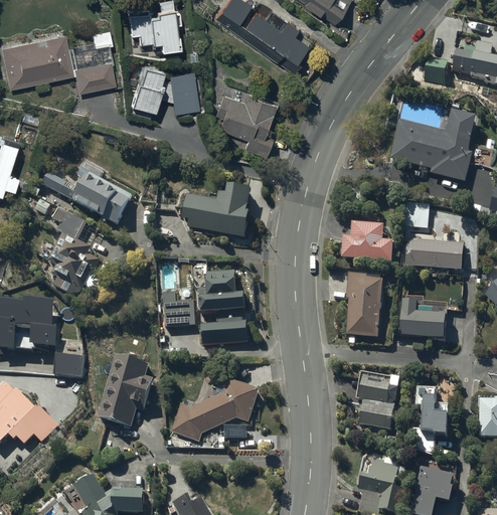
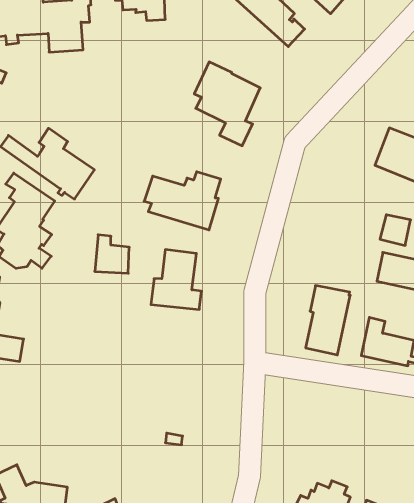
building: [127,61,195,110] -> none
building: [341,222,391,261] -> none
building: [162,292,194,326] -> [95,235,129,273]
building: [201,315,245,343] -> none
building: [98,354,152,425] -> none
building: [343,370,398,427] -> none
building: [170,376,259,440] -> none
building: [415,388,448,435] -> none

